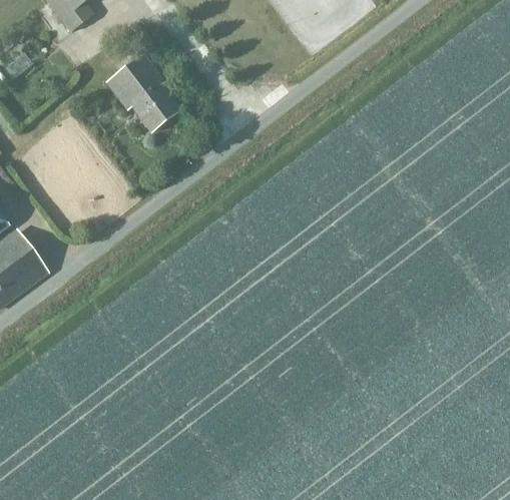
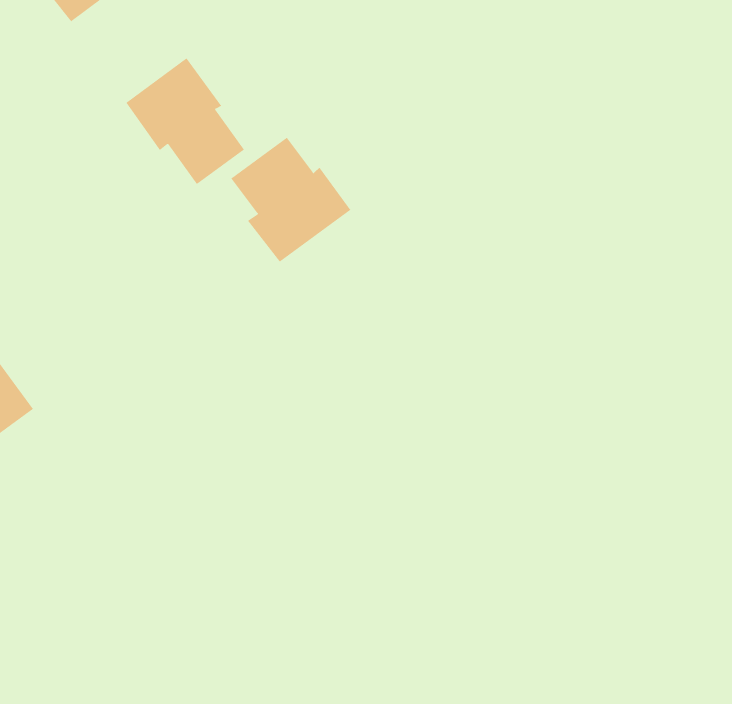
building: none -> [230,137,351,262]

